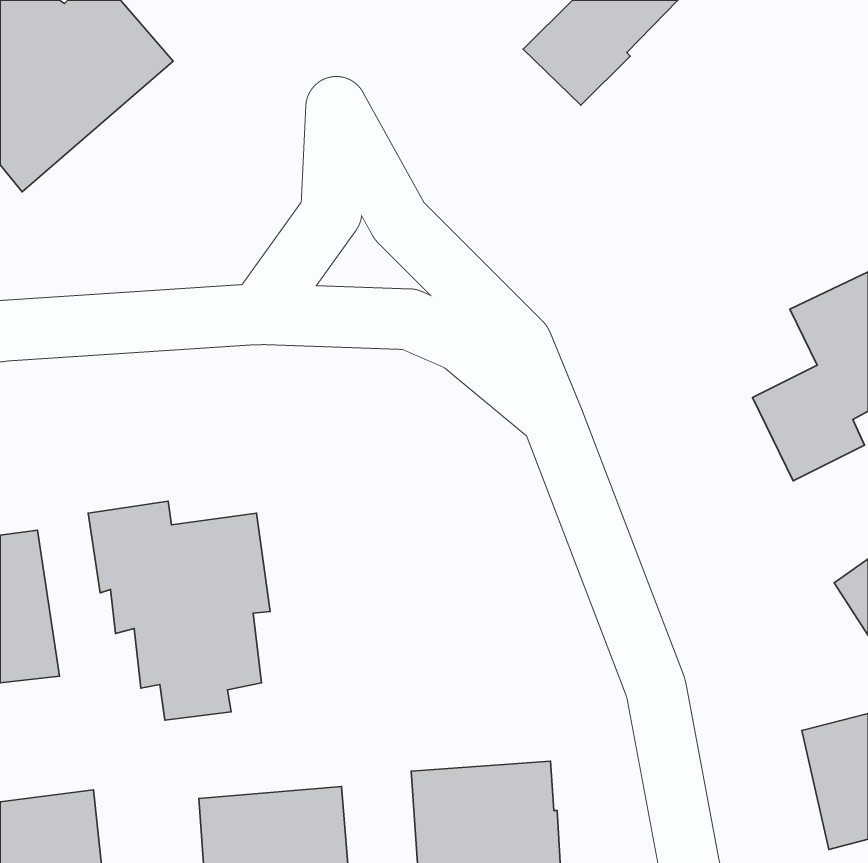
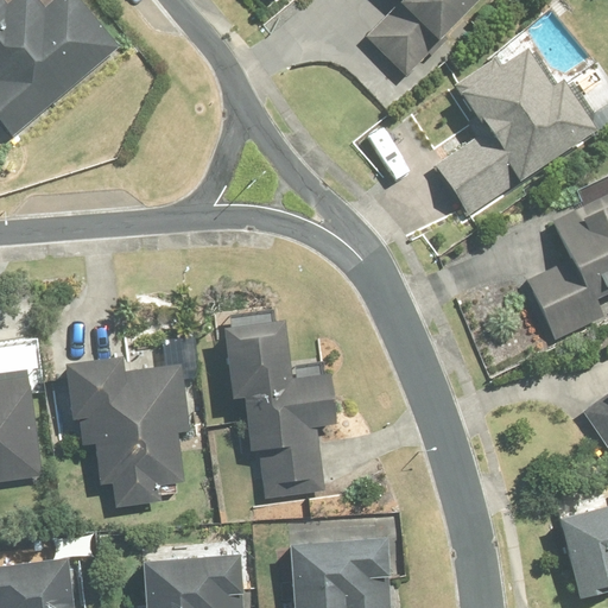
building: none -> [432,43,597,217]
building: none -> [223,318,335,499]

